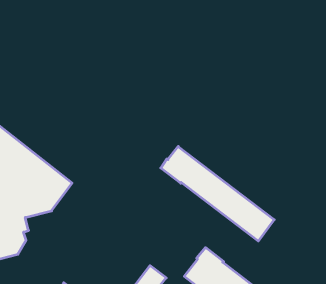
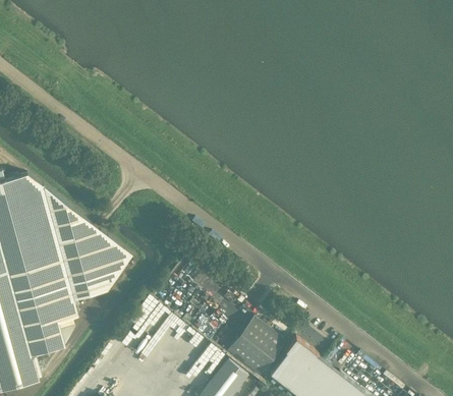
building: [161,146,274,241] -> none
building: none -> [225,319,284,379]

